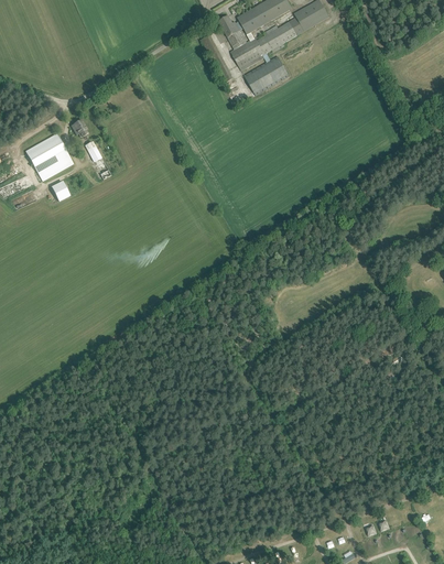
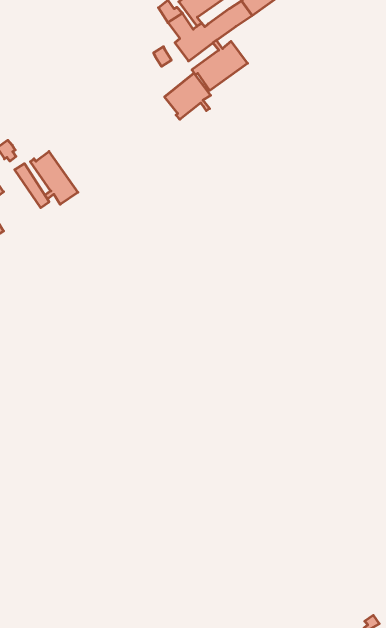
building: none -> [165,73,211,119]
building: none -> [30,151,78,204]

